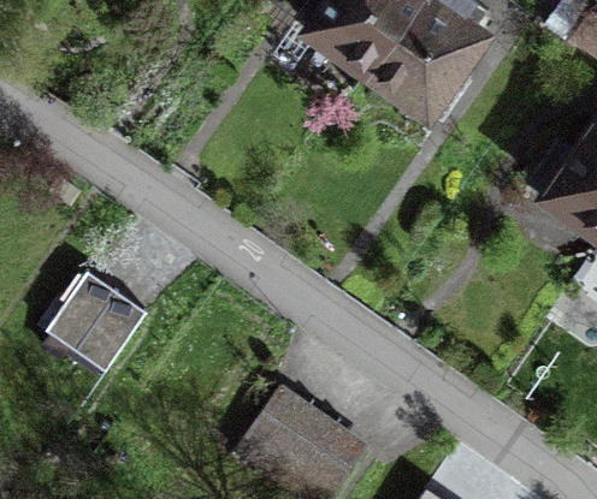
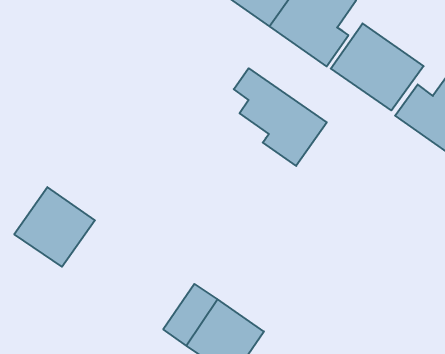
building: none -> [331,23,424,110]
building: none -> [234,68,327,166]

